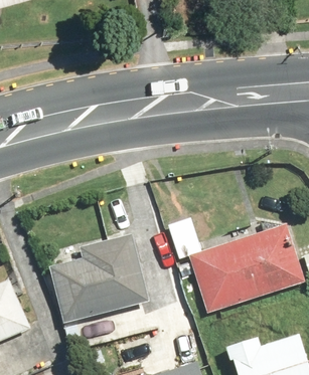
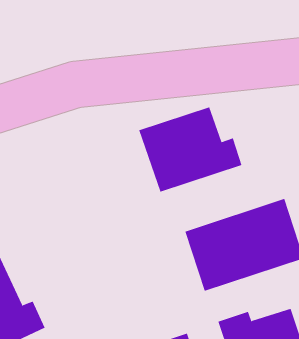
building: none -> [139,106,242,193]
building: [50,237,150,324] -> none

